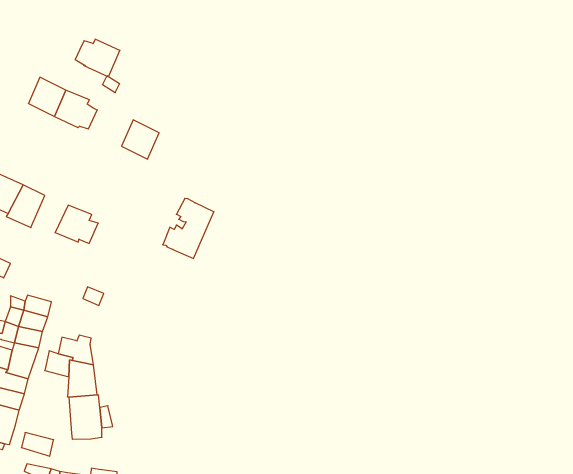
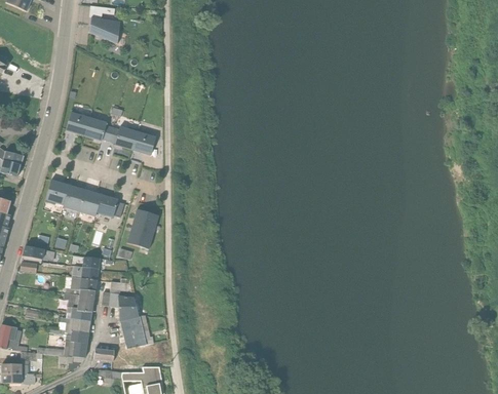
building: [75,39,120,77] -> [108,125,137,149]
building: none -> [79,189,102,215]
building: [163,198,214,258] -> [126,209,157,248]

